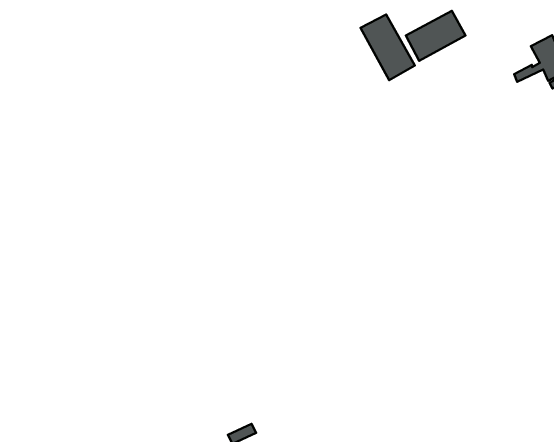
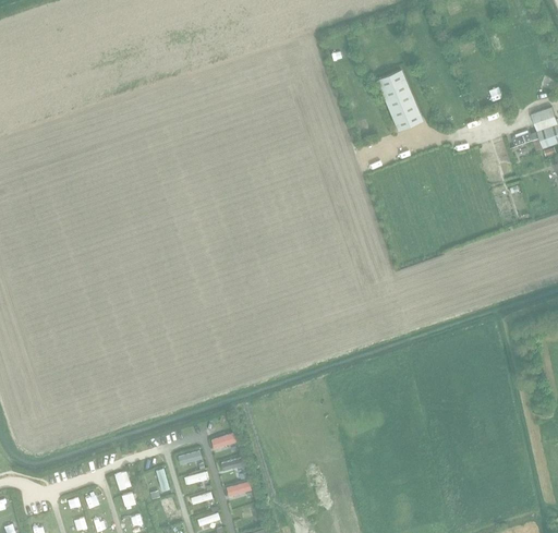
building: [406,11,466,61] -> none

